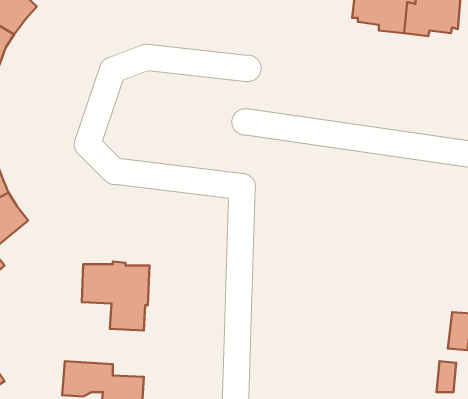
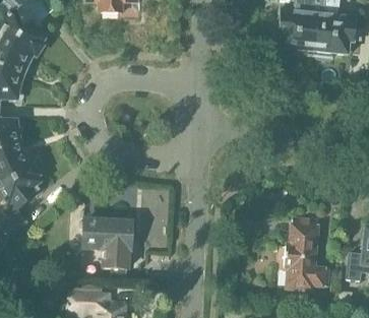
building: none -> [284,217,327,289]

